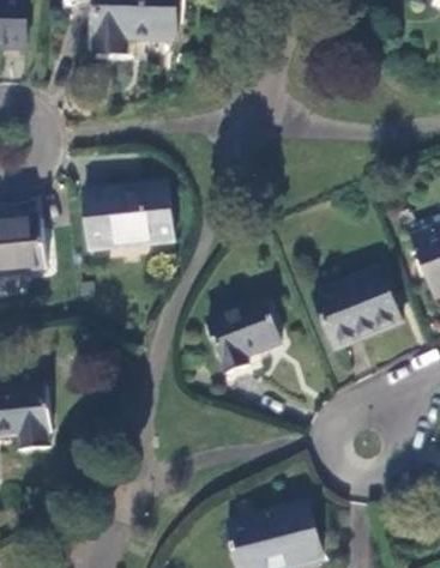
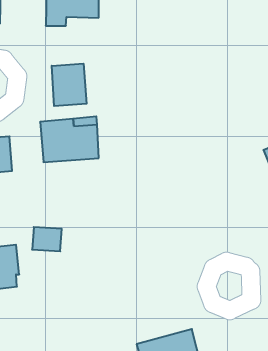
building: none -> [52,64,87,106]
building: [318,267,408,350] -> none
building: [215,298,287,369] -> none

